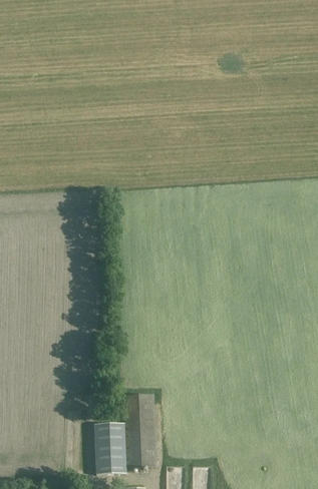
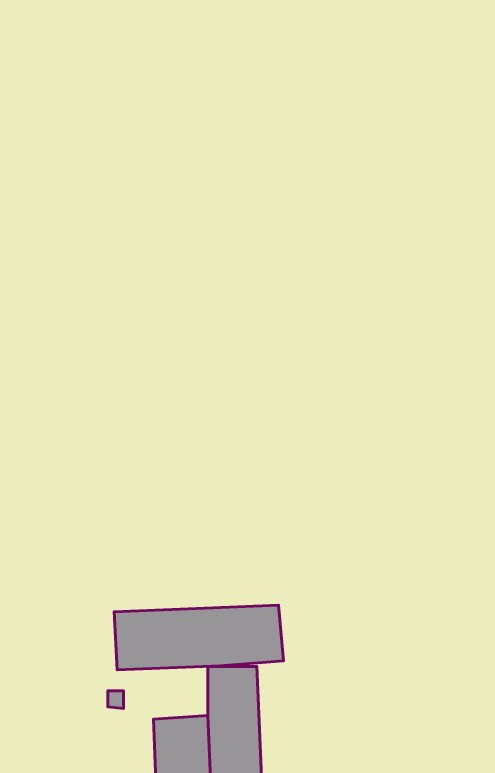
building: none -> [114,605,284,670]

